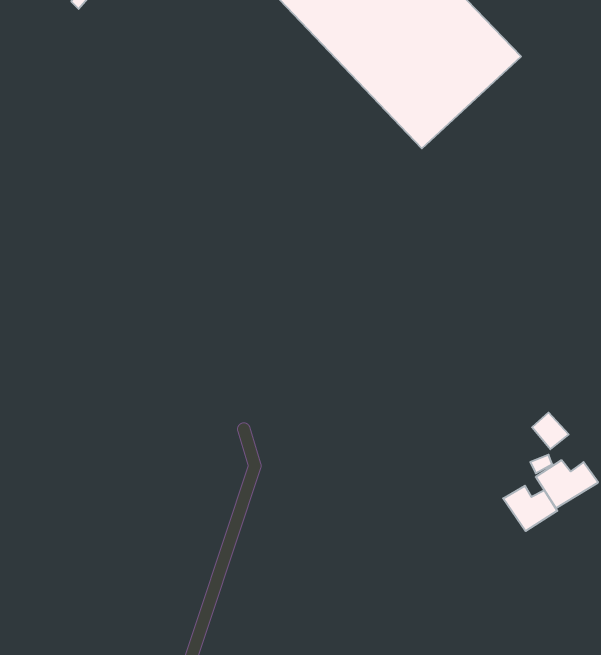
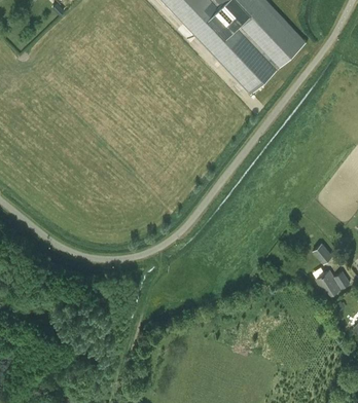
building: [503,486,557,531] -> none

